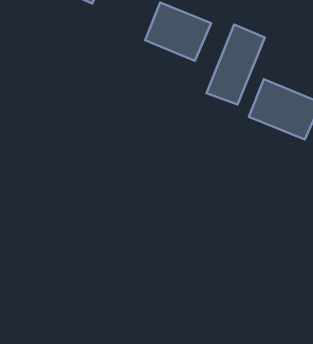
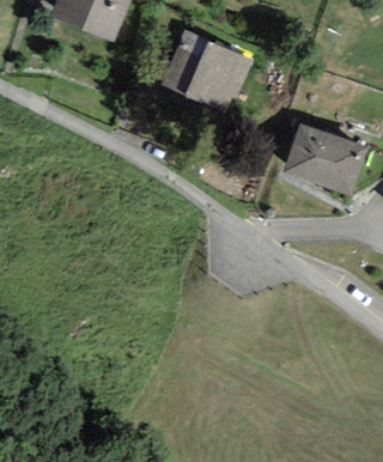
building: [206,24,265,104] -> none

